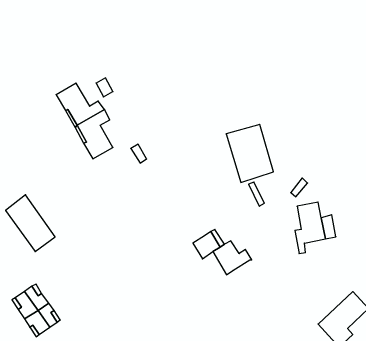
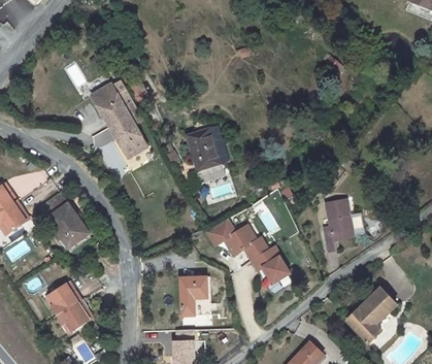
building: [226,124,273,182] -> [186,126,232,183]
building: none -> [206,219,235,245]
building: none -> [263,257,290,284]
building: none -> [180,276,211,316]

